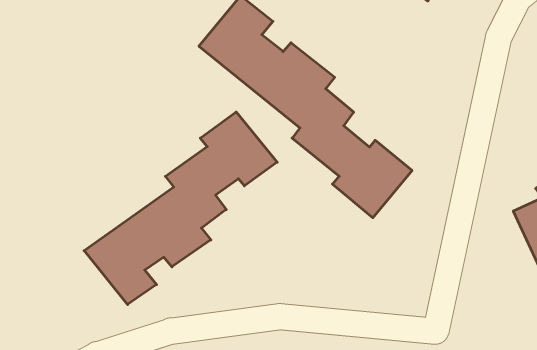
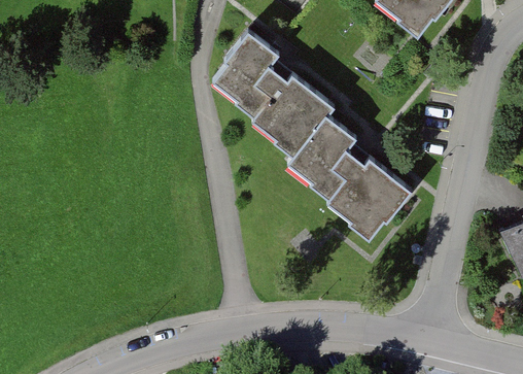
building: [84,112,277,305] -> none

